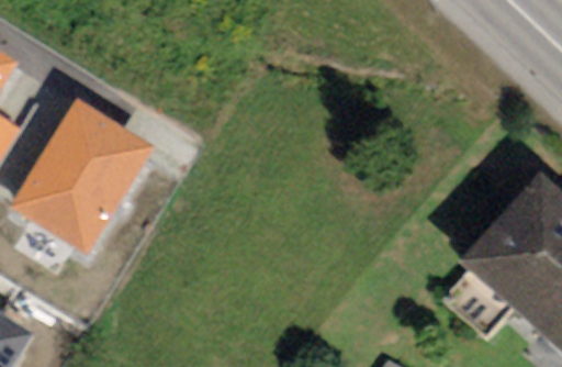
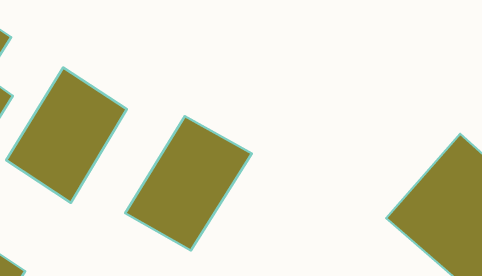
building: none -> [125,116,252,250]

